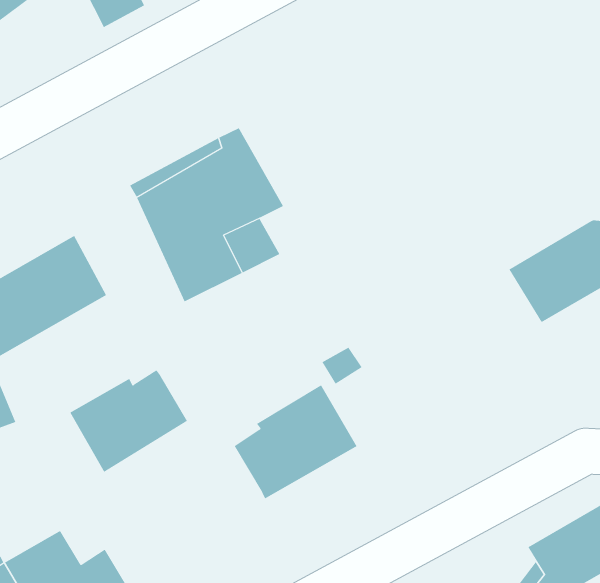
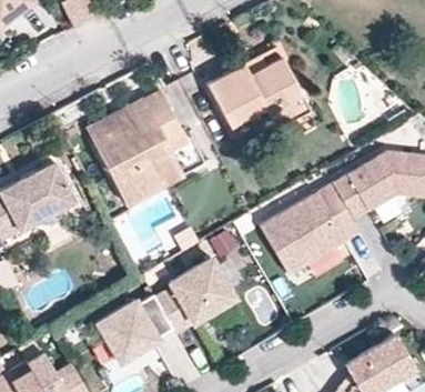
building: none -> [210,56,311,128]
building: none -> [260,184,362,274]
building: [69,370,188,472] -> [97,295,173,362]

